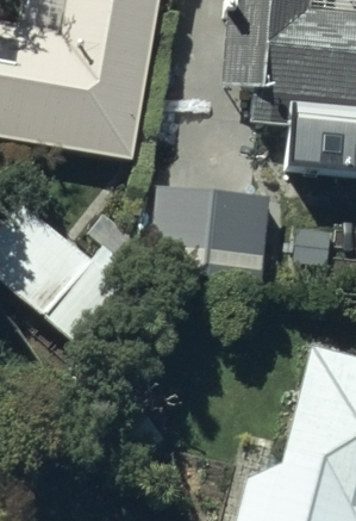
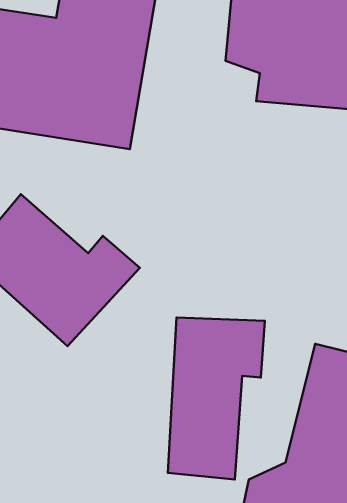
building: [154,175,270,277] -> none
building: none -> [168,317,265,480]

